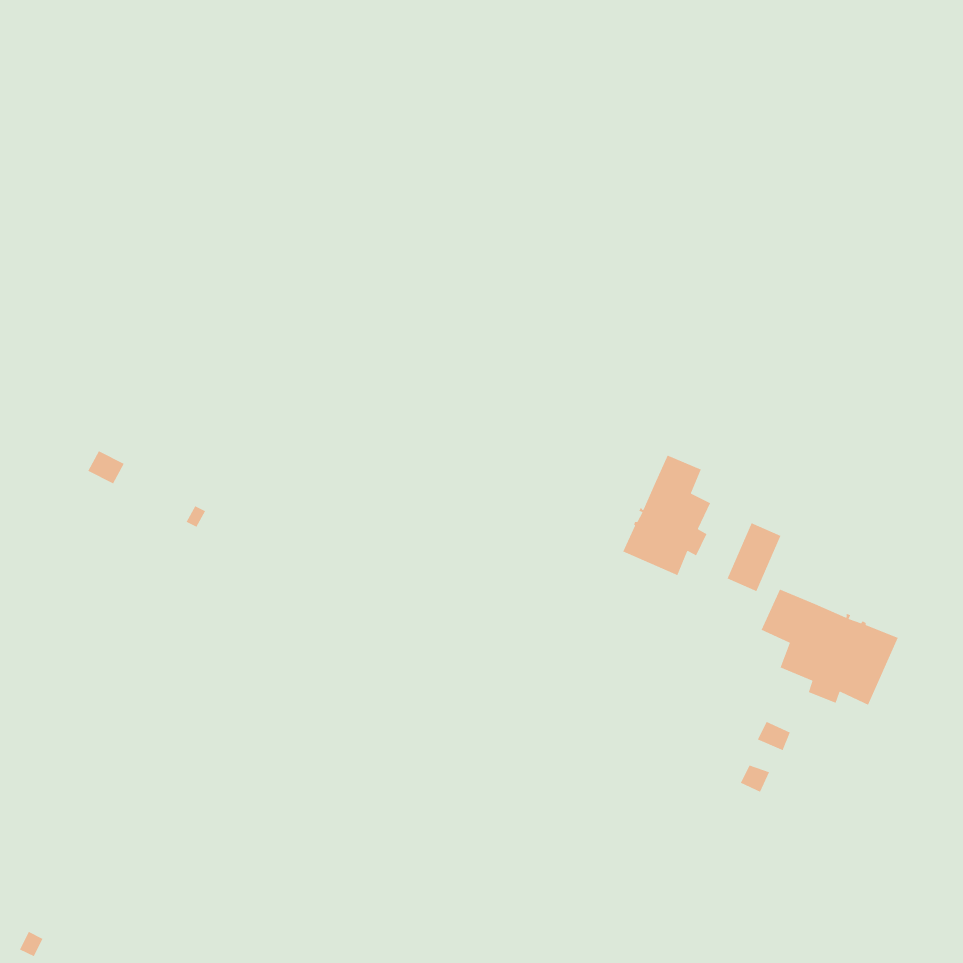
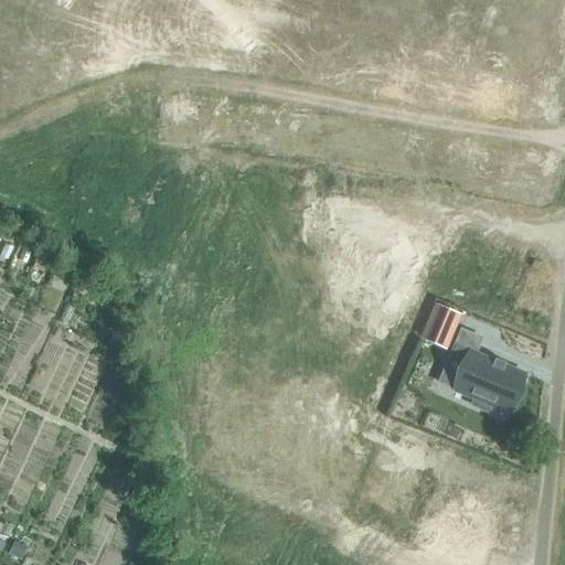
building: [622,455,711,576] -> none

